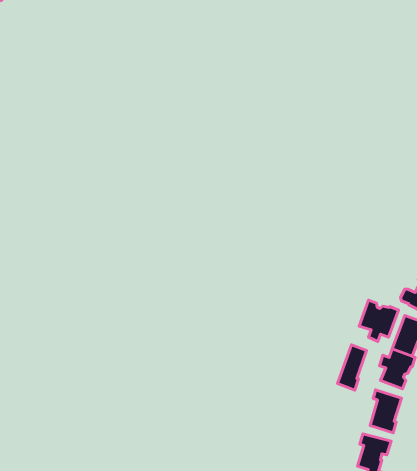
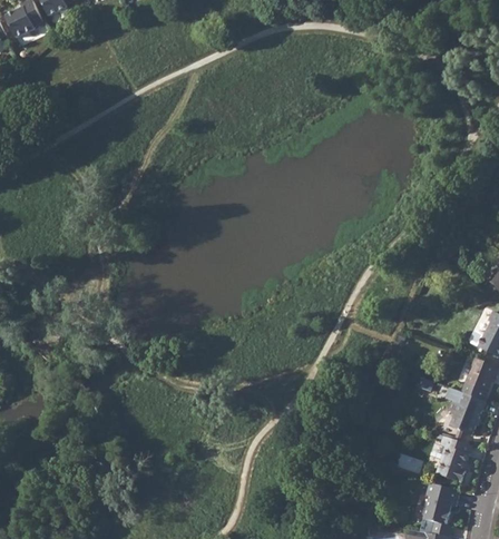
building: [359,300,399,341] -> none
building: [337,345,367,390] -> none

